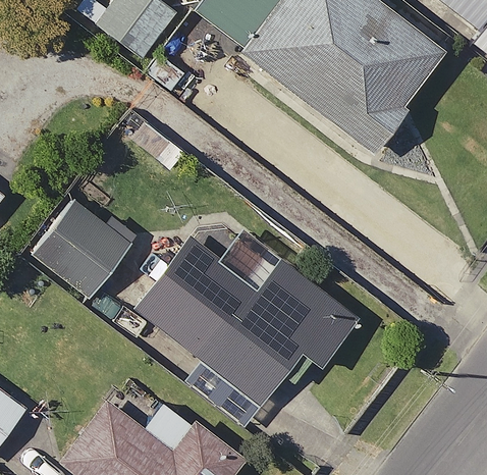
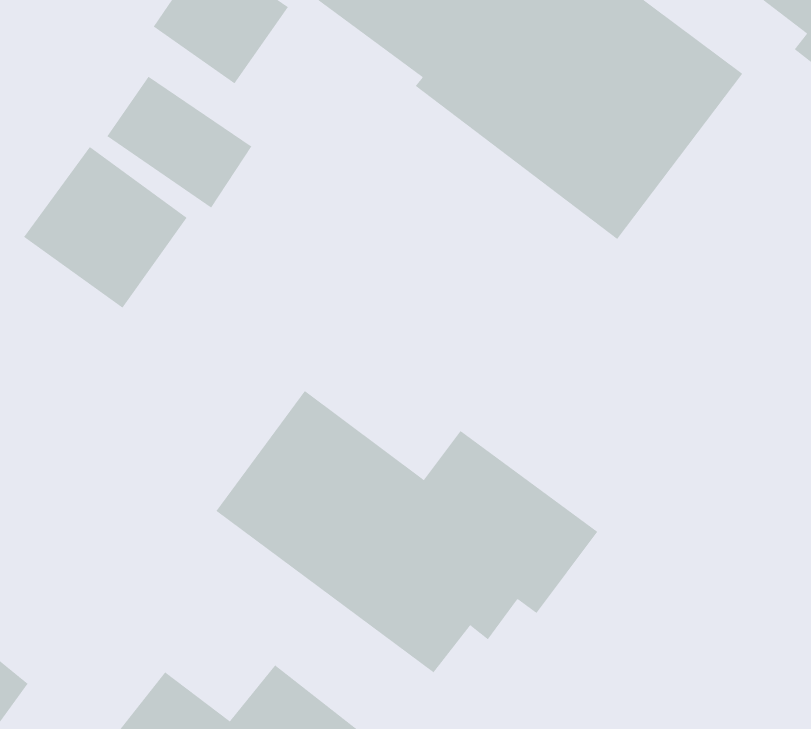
building: none -> [106,76,252,208]
building: [34,198,129,293] -> [23,146,187,309]

